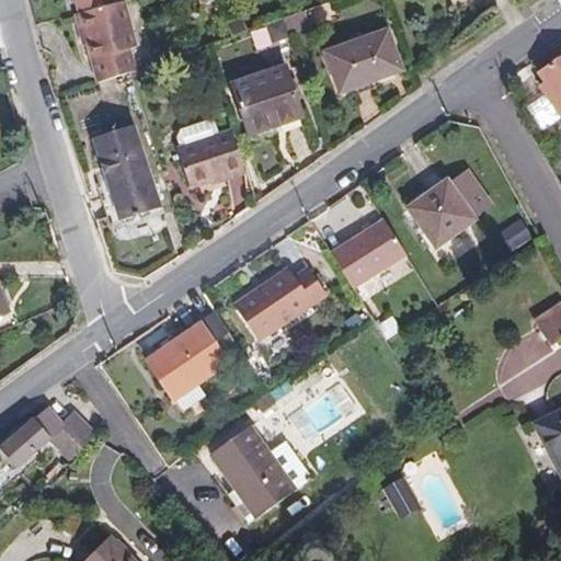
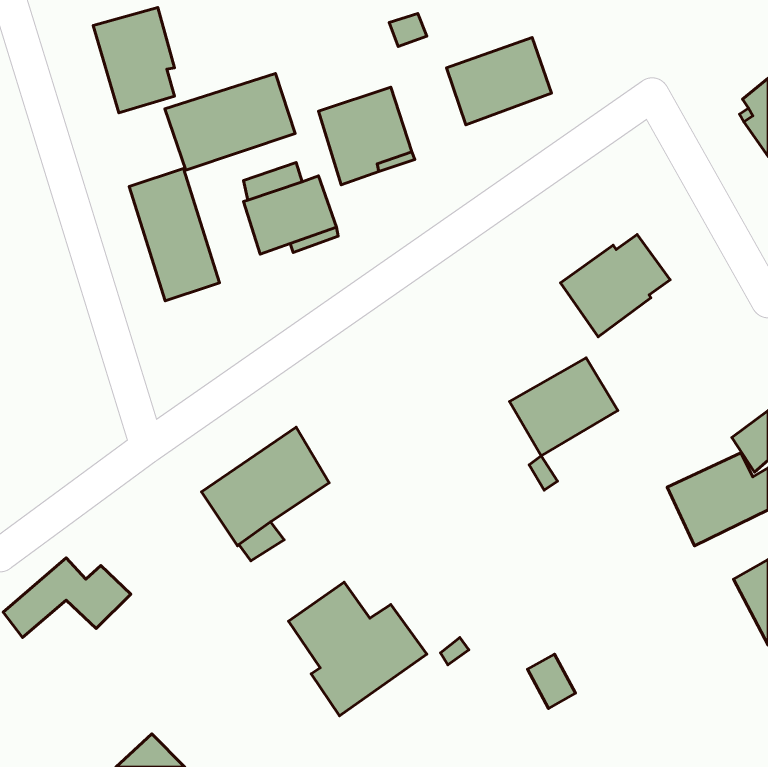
building: none -> [165,74,295,170]
building: [329,218,408,289] -> [509,358,618,456]
building: [234,266,325,339] -> none

